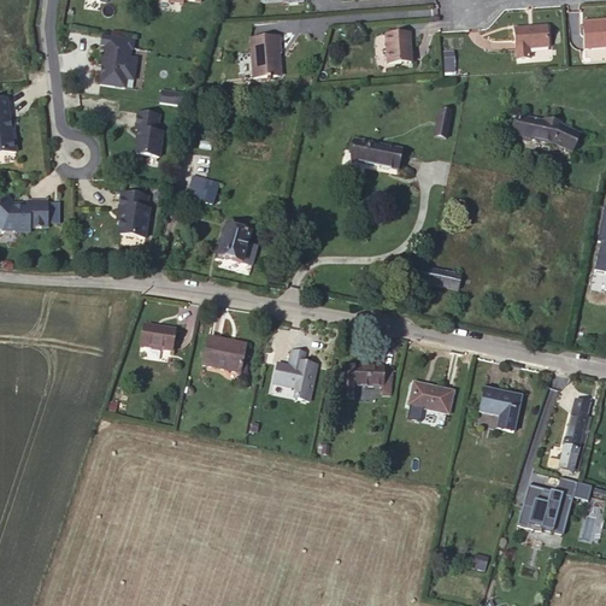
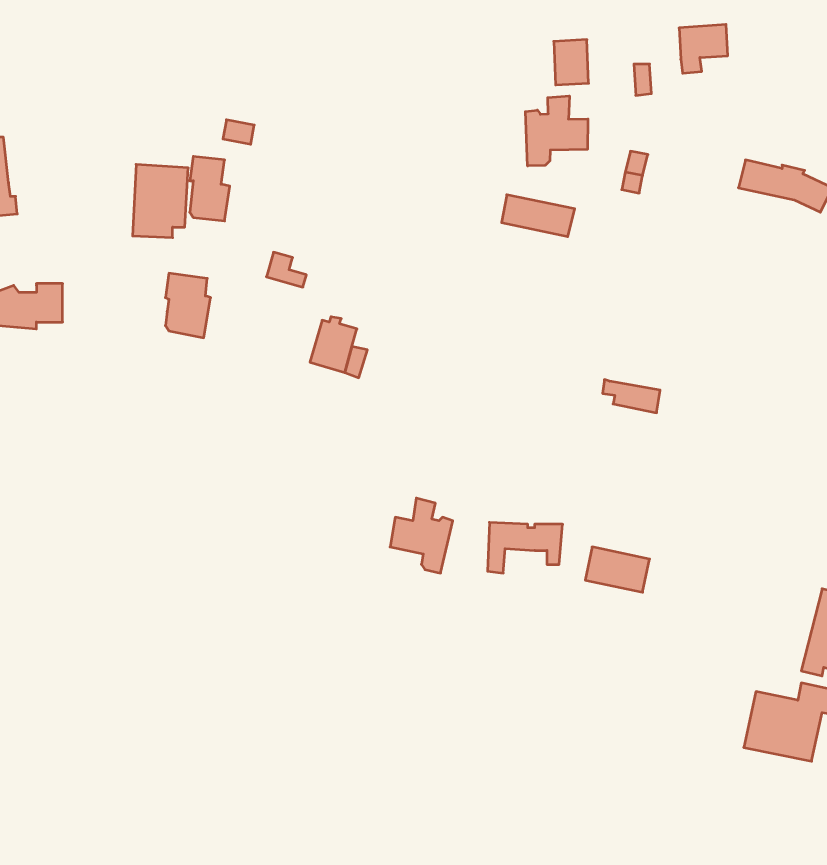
building: [514,24,548,58] -> [679,24,728,73]
building: [98,34,136,84] -> [133,164,188,238]
building: [251,35,280,77] -> none
building: none -> [525,96,588,166]
building: [141,323,175,349] -> none
building: [202,335,246,371] -> none
building: [478,388,520,431] -> none

